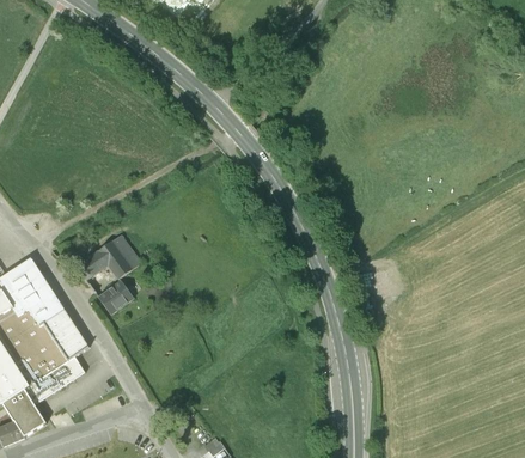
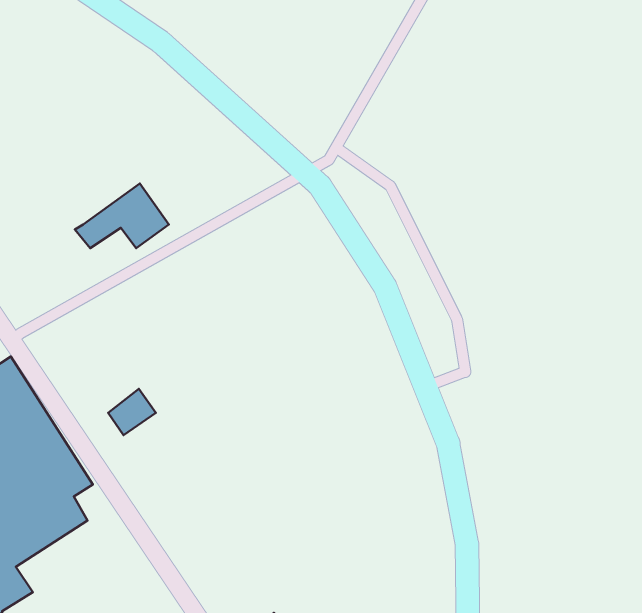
building: [74,233,140,279] -> [75,183,169,248]

